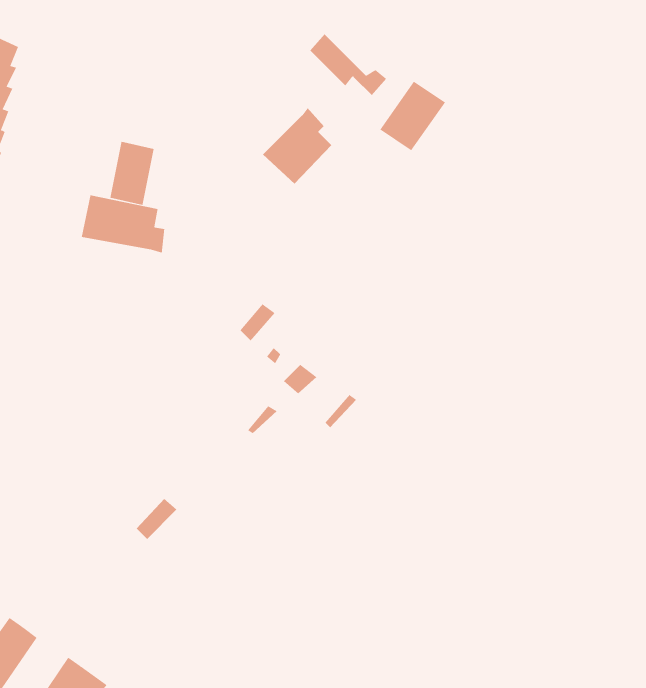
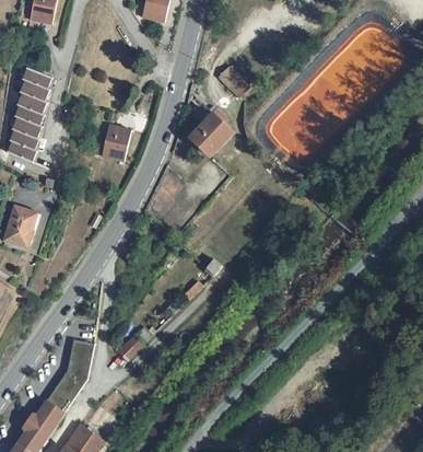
building: [379,81,446,151] -> none
building: [81,195,165,254] -> none
building: none -> [44,343,91,417]

